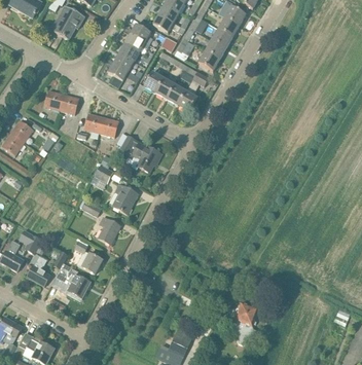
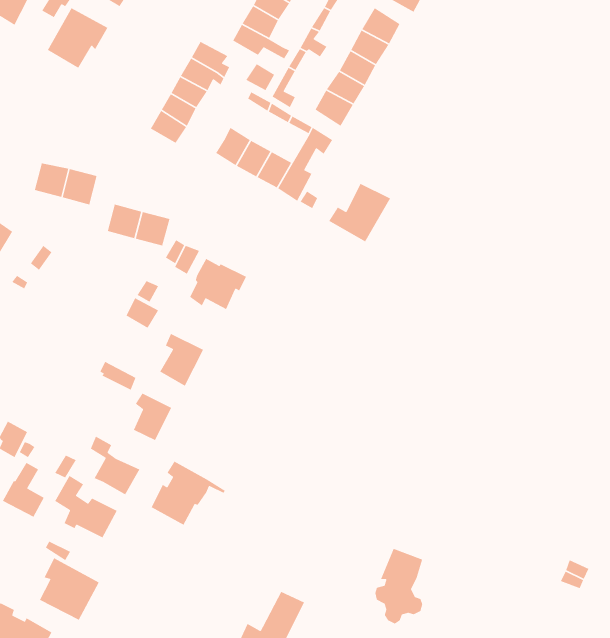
building: none -> [328,183,391,243]
building: none -> [151,461,226,526]
building: none -> [39,557,100,621]

